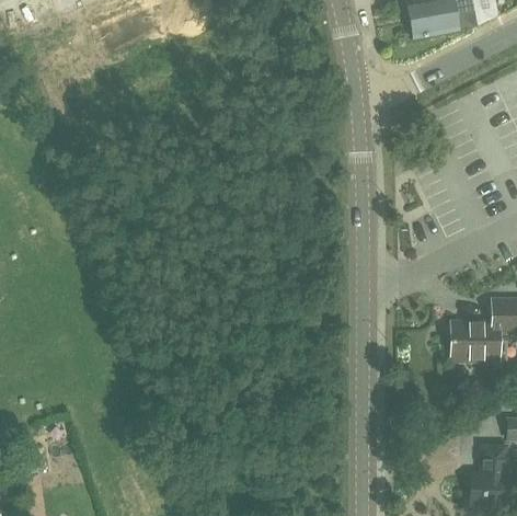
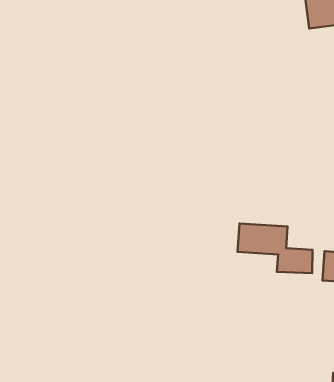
building: none -> [238,224,312,273]

